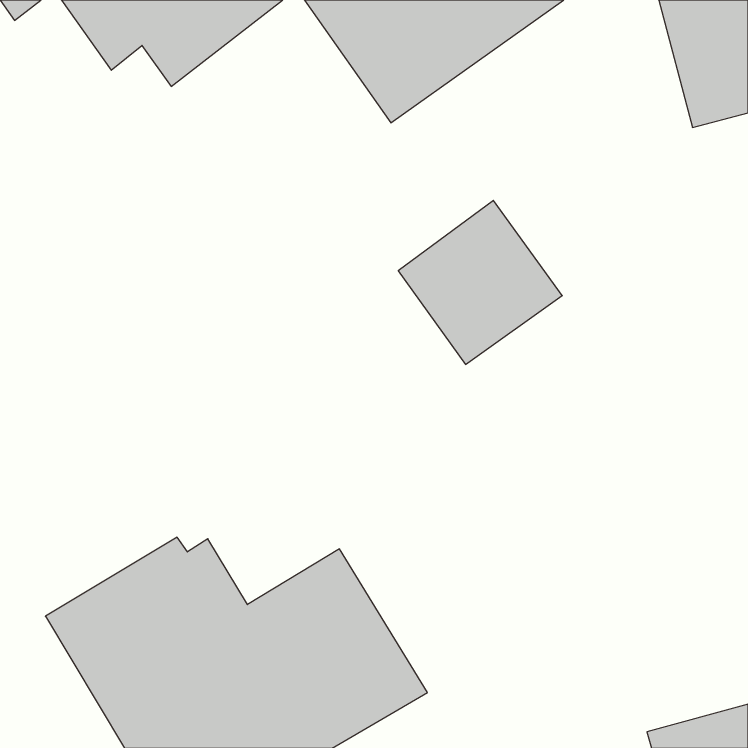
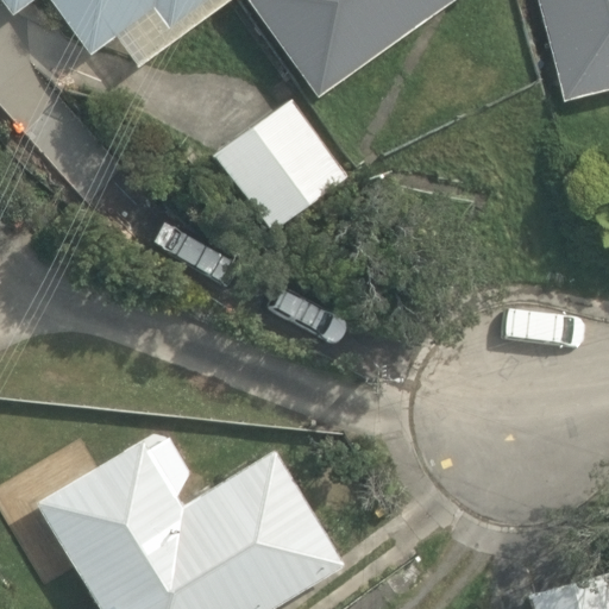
building: [398,200,562,364] -> [214,100,347,233]

